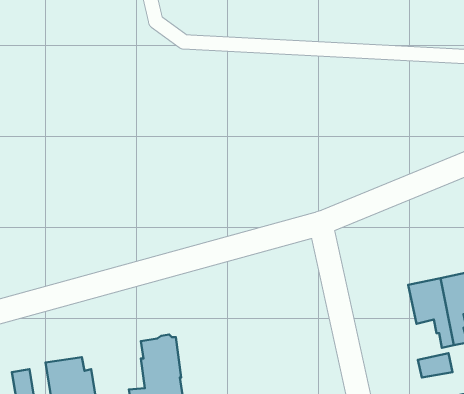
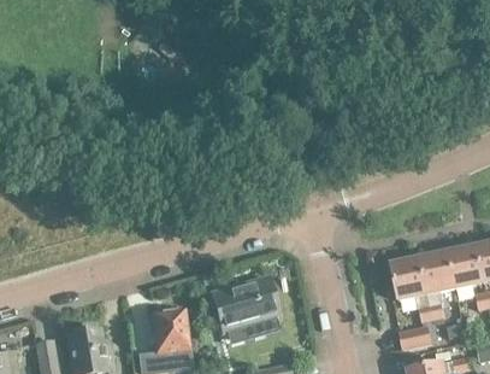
building: none -> [212,276,277,337]

